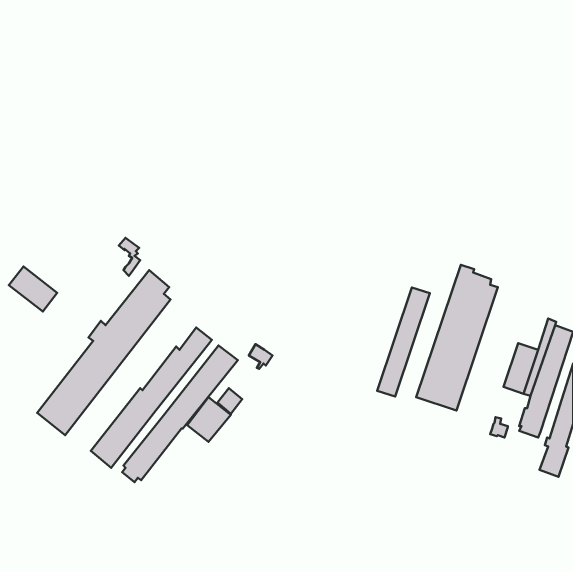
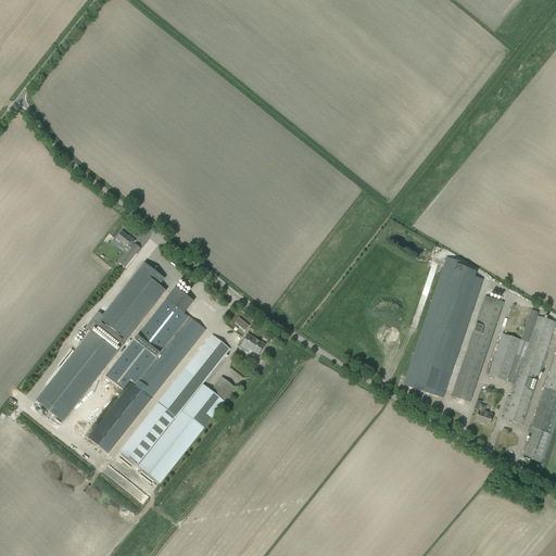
building: [9,266,57,311] -> none
building: [377,288,430,396] -> [452,295,503,401]
building: none -> [106,287,192,387]
building: none -> [138,412,202,483]

